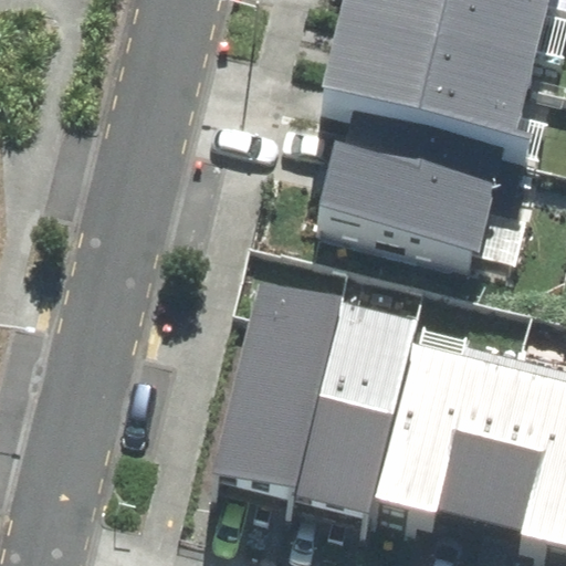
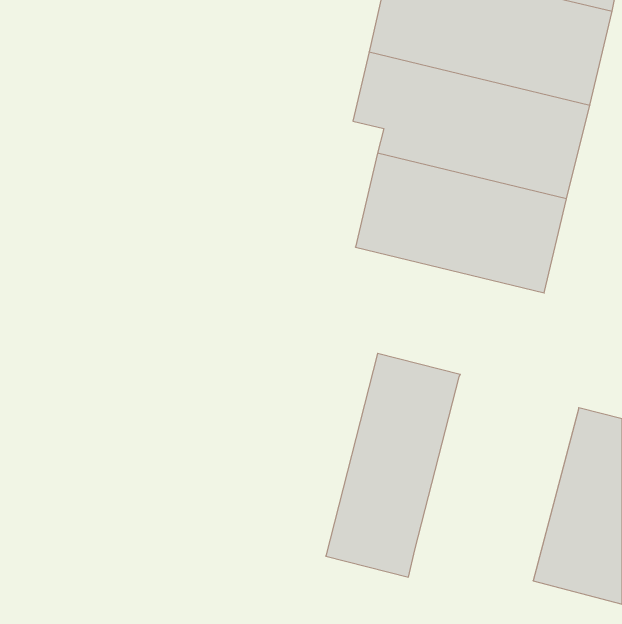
building: [212,296,338,497] -> none
building: [371,337,518,520] -> none

